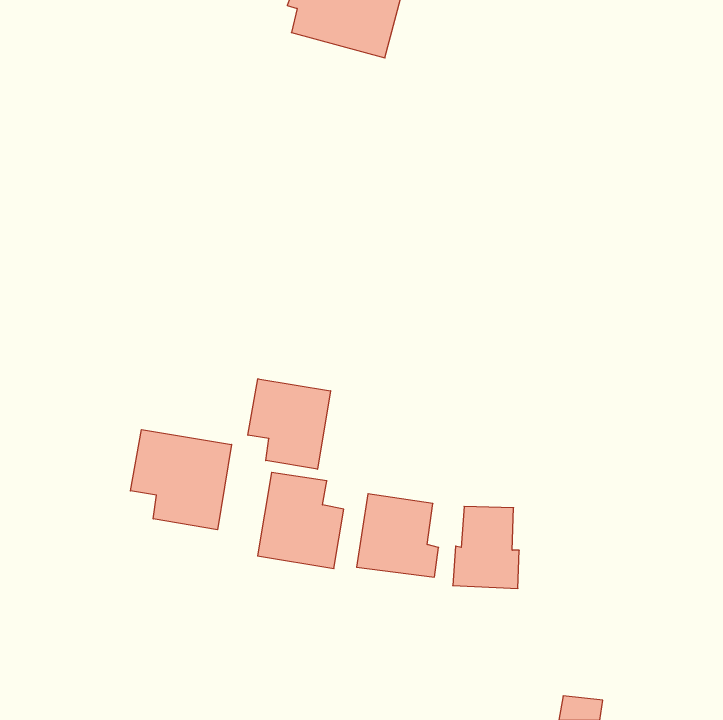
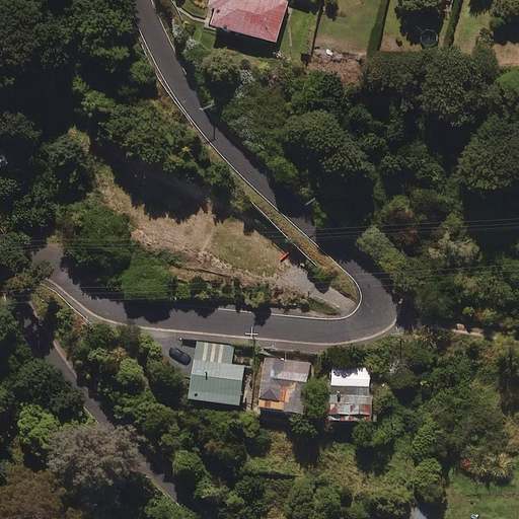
building: [248,379,331,469] -> none
building: [130,430,232,530] -> none

